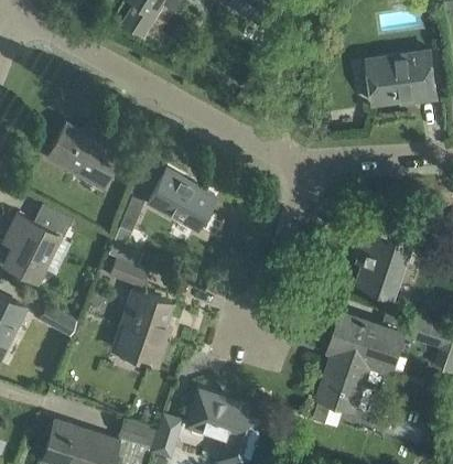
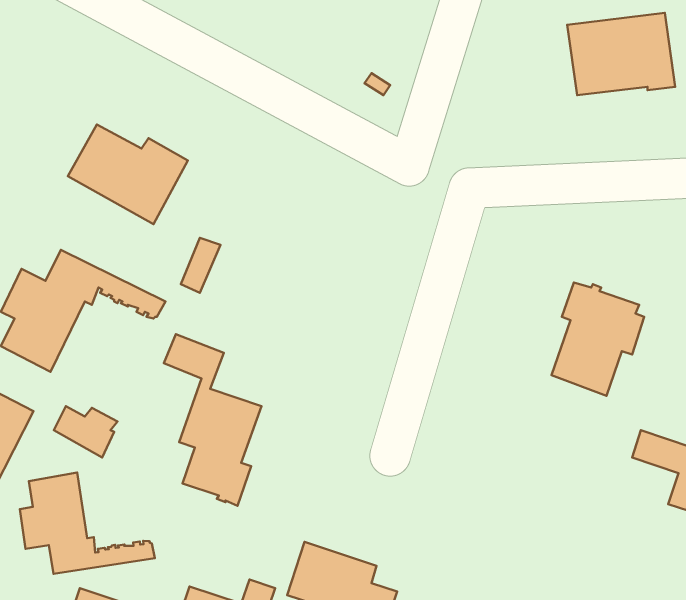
building: [148,169,214,229] -> none
building: [319,313,405,412] -> none
building: none -> [20,473,155,574]

